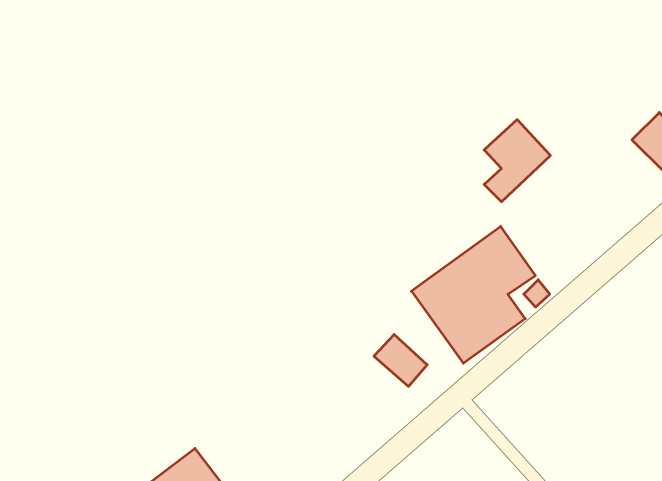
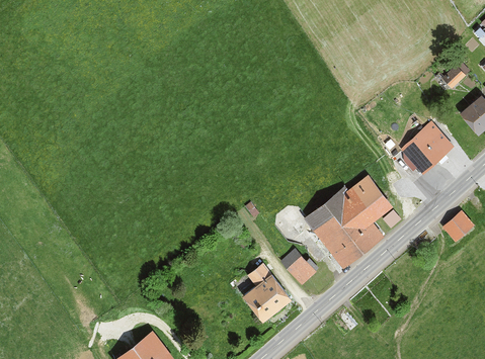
building: [484,120,550,202] -> [399,126,446,184]
building: none -> [443,212,474,242]
building: none -> [242,262,291,321]

